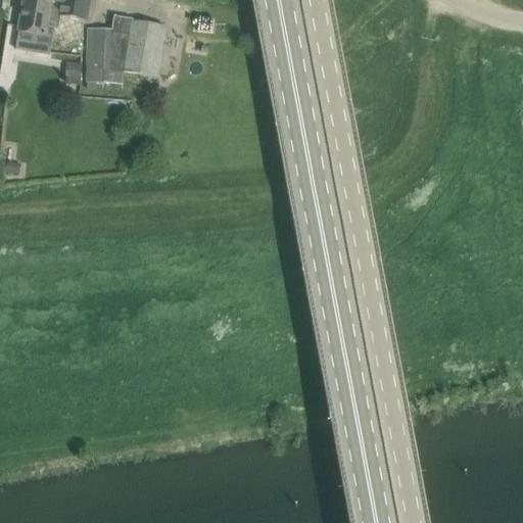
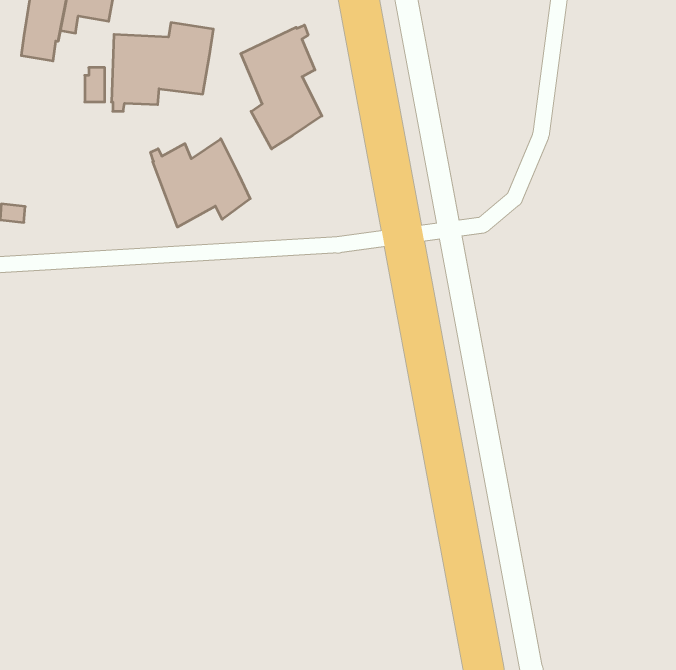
building: none -> [241,25,322,149]
building: none -> [151,139,250,227]

